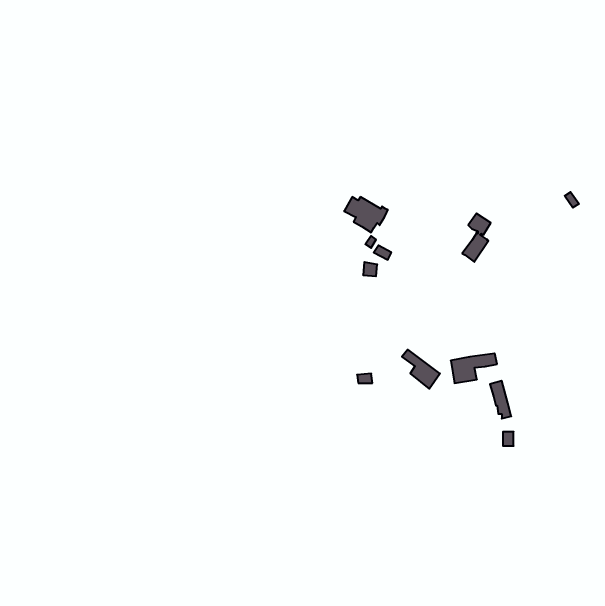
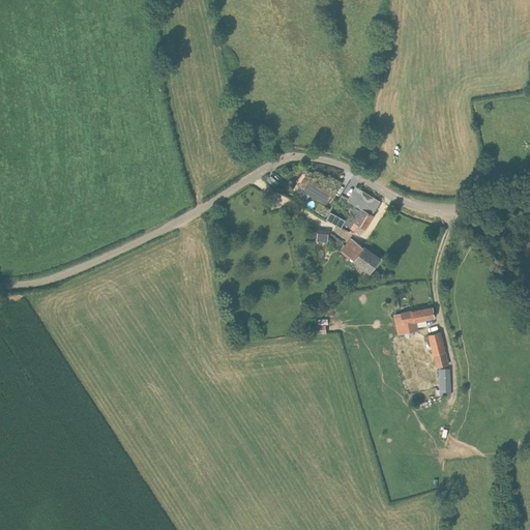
building: [462,213,491,262] -> [349,193,374,235]
building: [402,350,440,389] -> [345,239,378,273]

